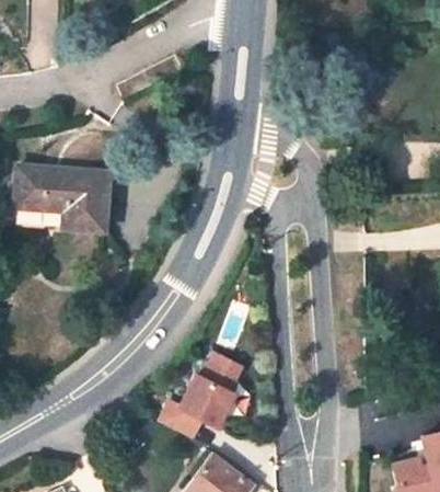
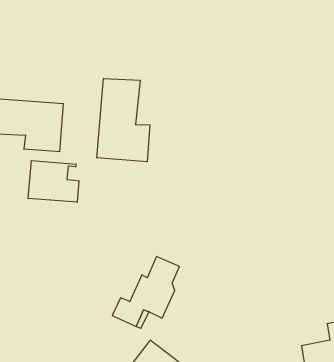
building: none -> [97,78,150,162]
building: none -> [28,161,79,202]

